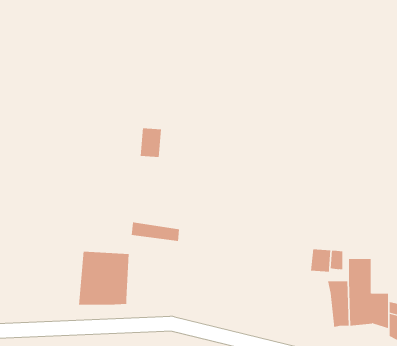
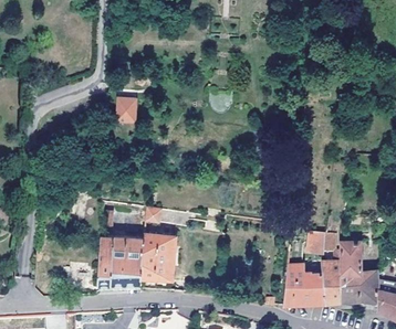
building: [140,128,162,157] -> [119,95,139,121]
building: none -> [142,232,177,277]
building: none -> [284,263,327,303]

